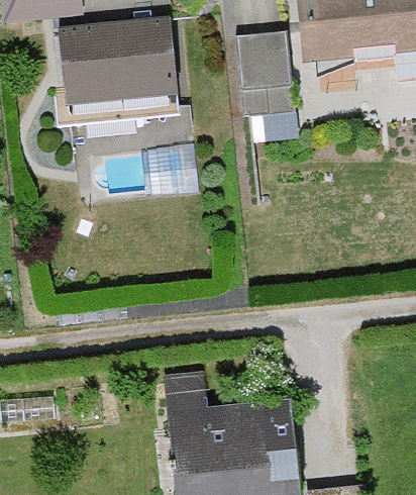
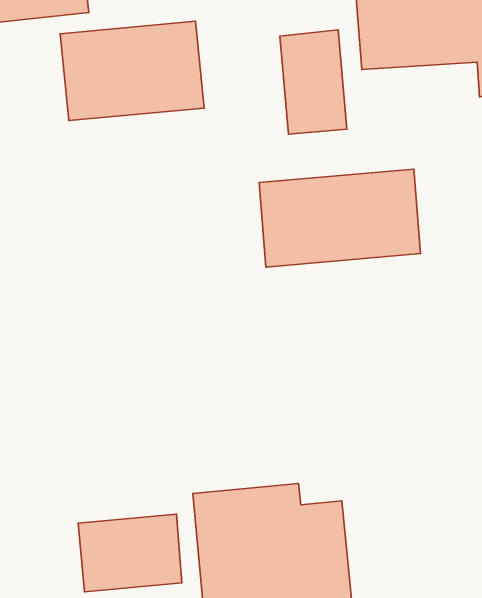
building: none -> [259,169,421,267]
building: none -> [78,514,182,592]

